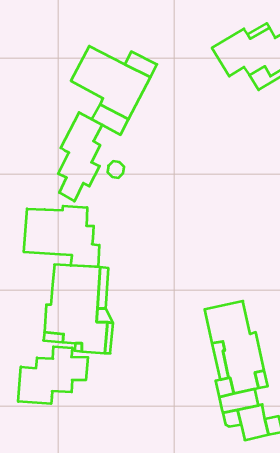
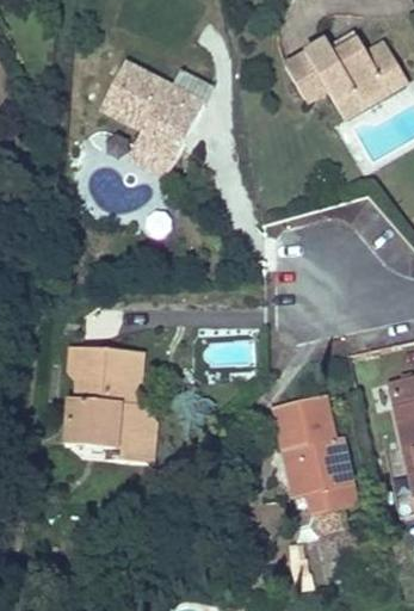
building: [58,112,102,201] -> none
building: [24,206,99,267] -> none
building: [18,347,88,404] -> none

